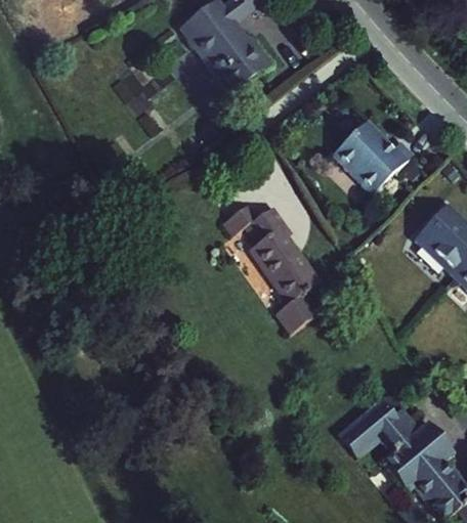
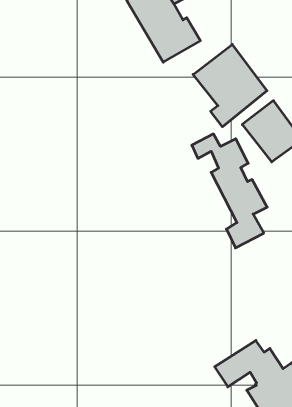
building: none -> [193,44,267,127]
building: [223,204,321,333] -> [192,134,267,248]

